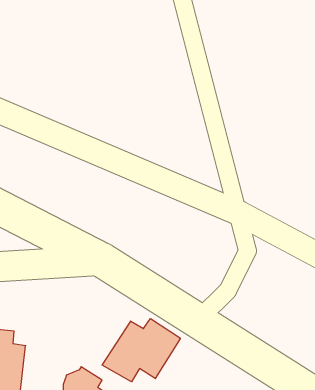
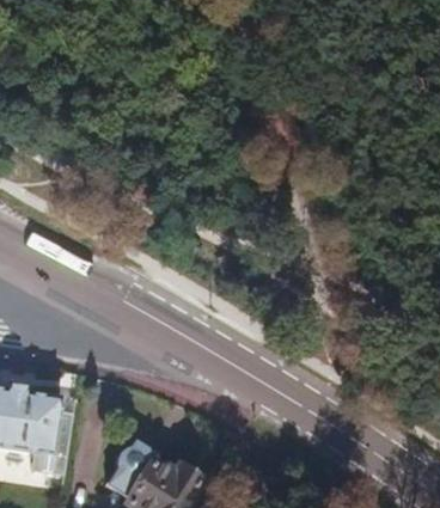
building: [102,319,180,382] -> none

